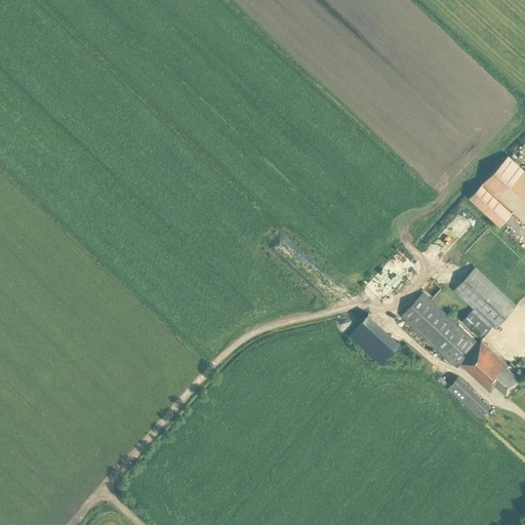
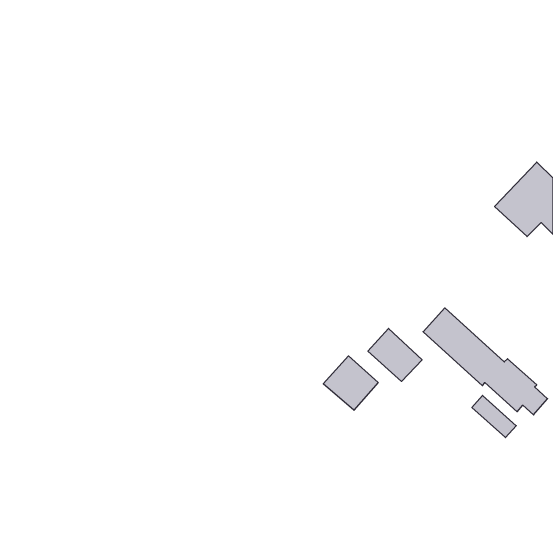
building: [455,270,515,339] -> none
building: none -> [323,356,378,410]

